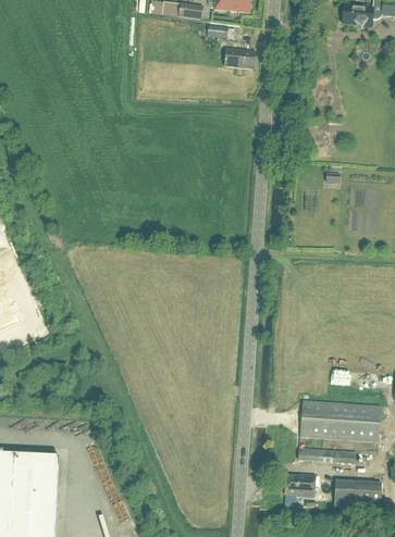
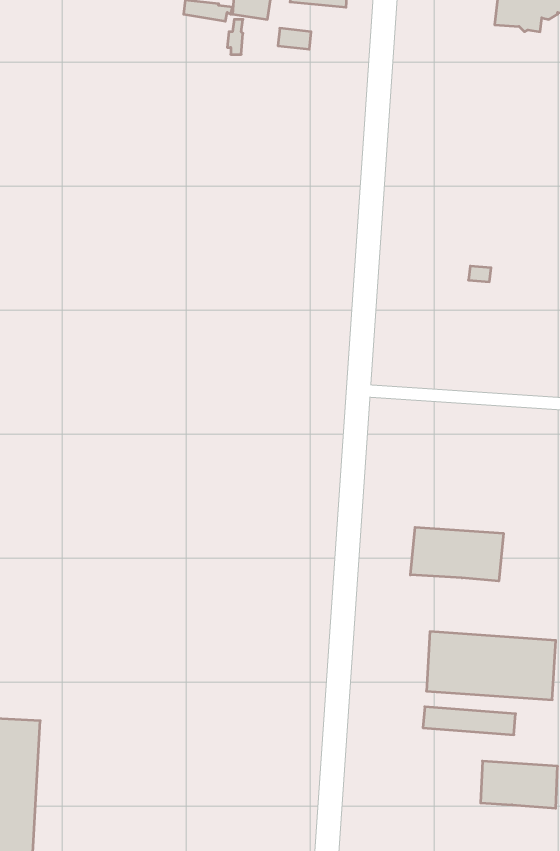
building: [222,47,254,67] -> none
building: none -> [410,527,503,581]
building: [282,474,313,496] -> none

